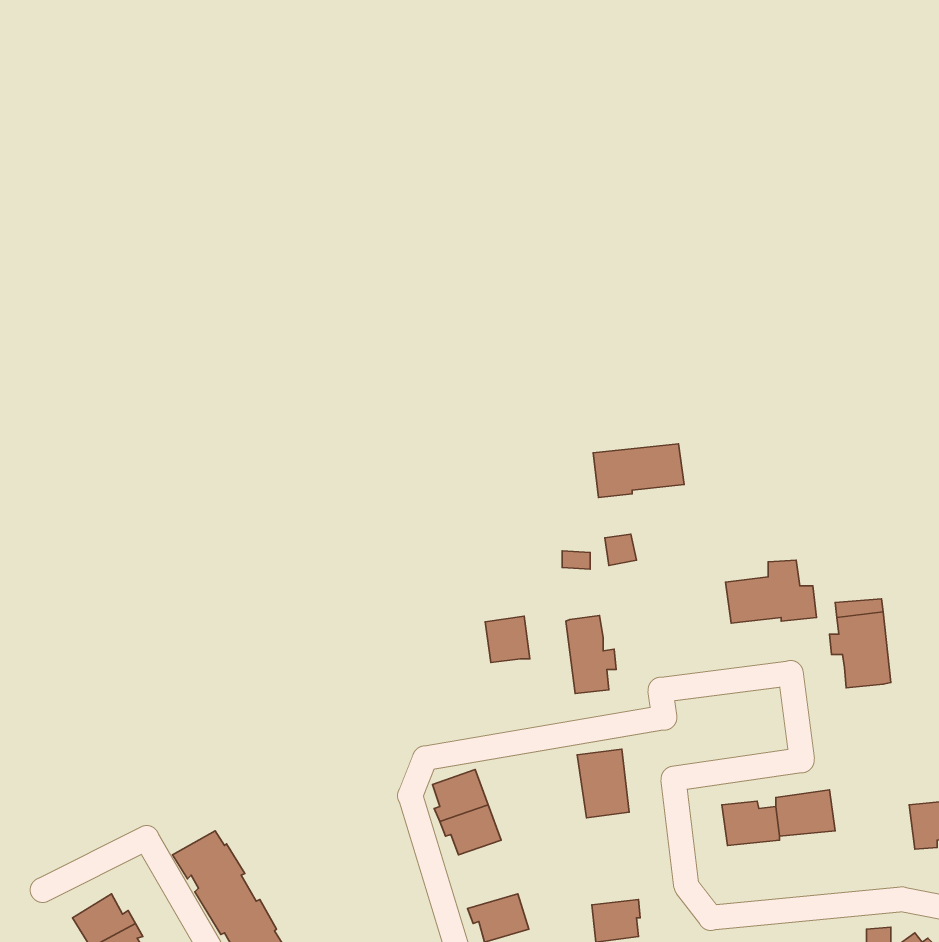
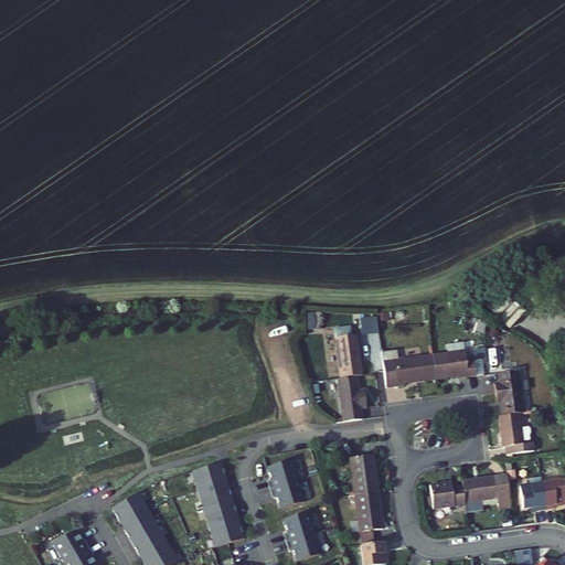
building: [593,444,684,497] -> [386,350,440,382]
building: [485,616,530,663] -> [341,344,367,372]
building: none -> [503,411,540,452]
building: none -> [191,466,242,550]
building: none -> [522,475,550,510]
building: none -> [348,487,384,527]
building: none -> [280,514,313,544]

